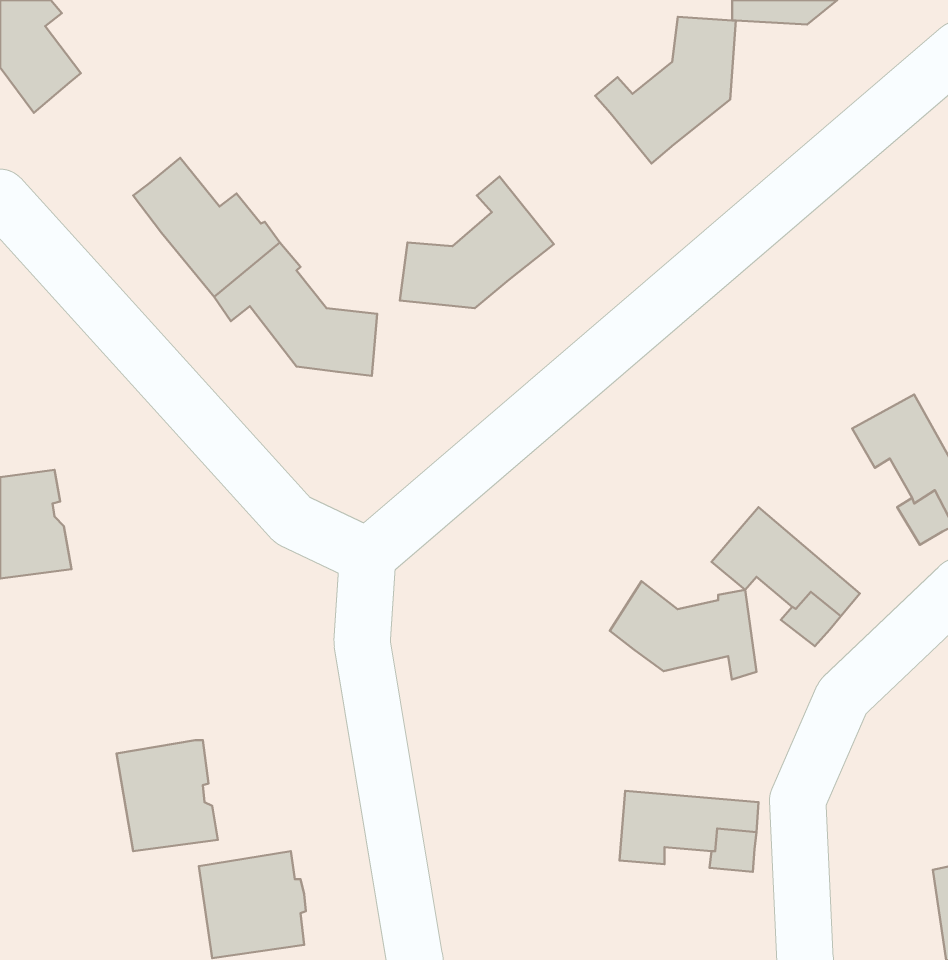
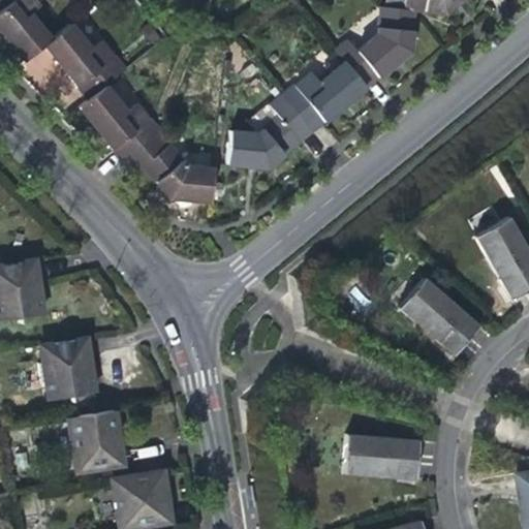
building: none -> [44,25,125,101]
building: none -> [281,62,365,134]
building: [610,581,756,679] -> none
building: none -> [40,336,97,398]

